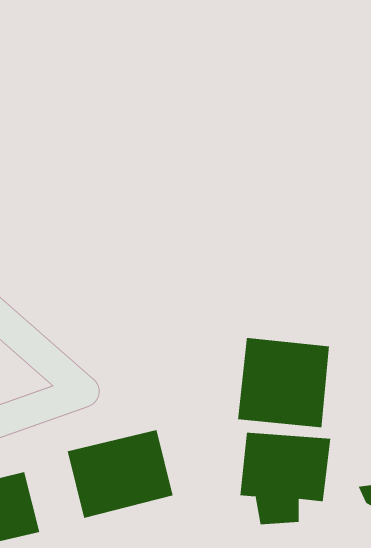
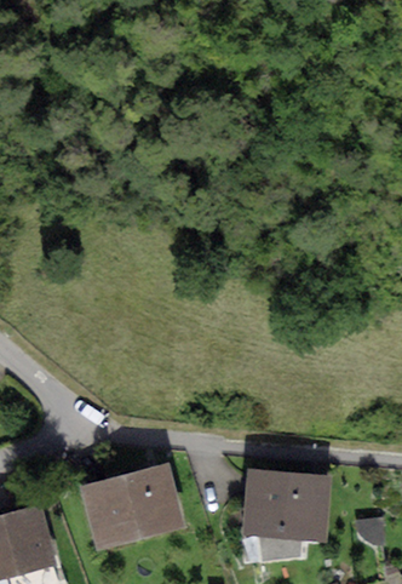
building: [237,337,330,428] -> none

